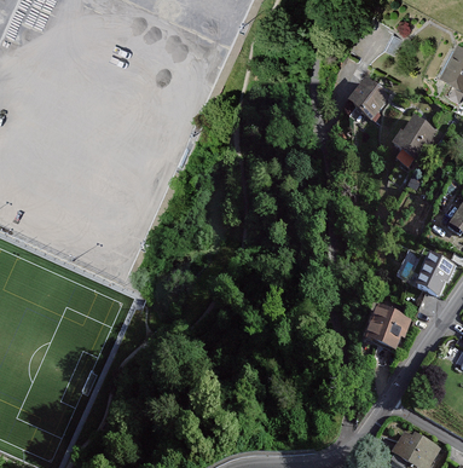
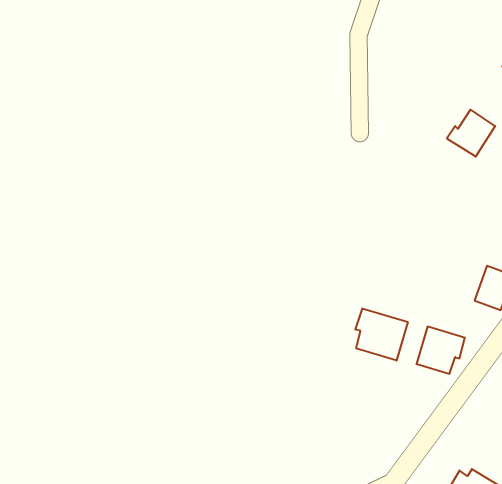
building: [348,80,386,117] -> none
building: none -> [355,308,408,361]

